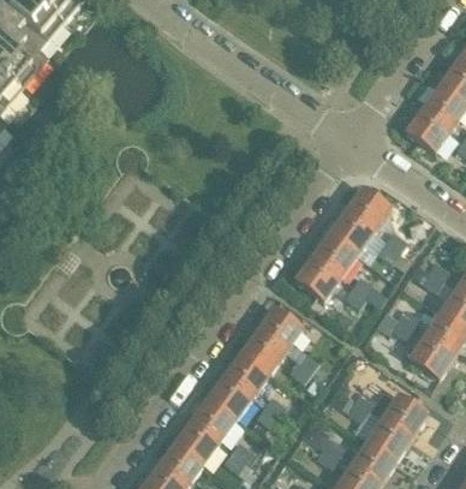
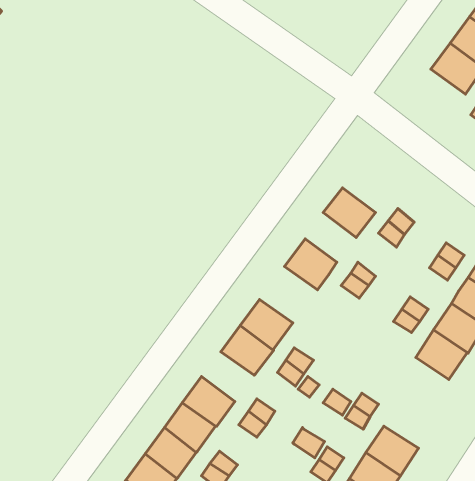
building: [406,108,452,153] -> none
building: [345,189,389,233] -> none
building: [312,233,357,276] -> none
building: [222,354,268,398] -> none
building: [381,395,426,439] -> none

